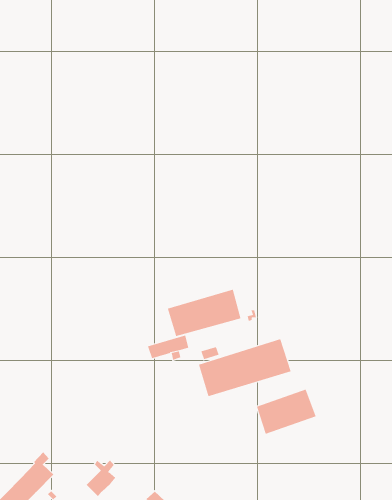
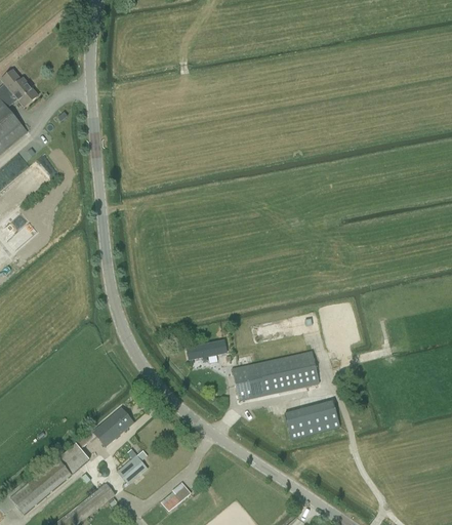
building: [167,289,241,337] -> none
building: none -> [92,407,133,445]

